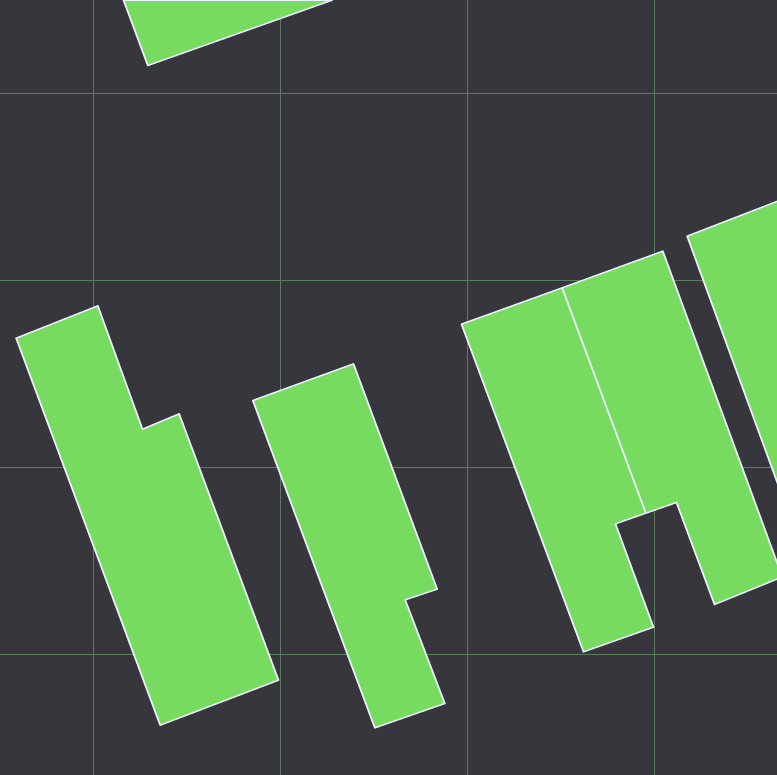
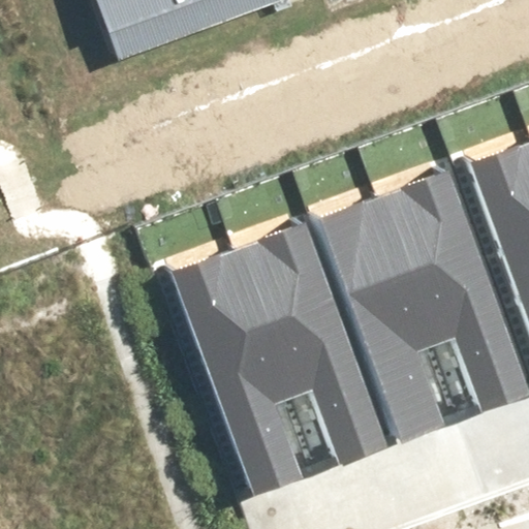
building: [16,306,278,725] -> none
building: none -> [241,224,391,464]

